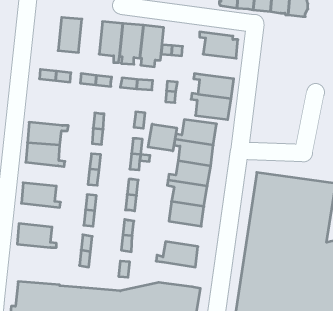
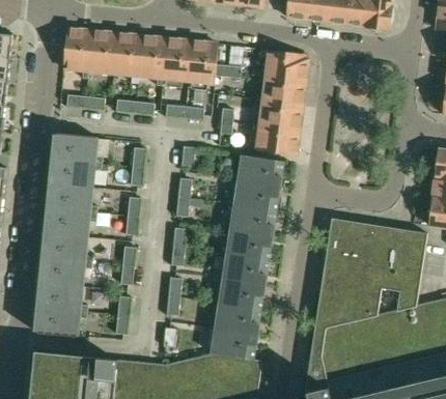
building: none -> [62,28,92,79]
building: none -> [113,33,142,84]
building: none -> [256,75,305,106]
building: none -> [53,133,101,163]
building: [148,124,177,151] -> none
building: none -> [46,207,95,236]
building: none -> [40,257,90,286]
building: none -> [219,279,262,310]
building: none -> [36,307,86,337]
building: none -> [211,329,255,359]

